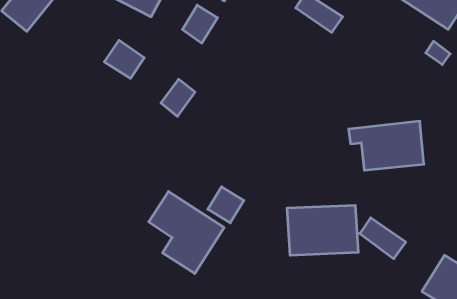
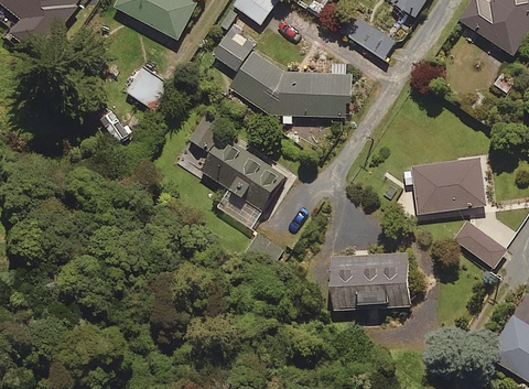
building: none -> [229,53,352,123]
building: [149,191,224,274] -> [202,138,287,230]
building: [360,218,406,259] -> [454,223,506,269]

